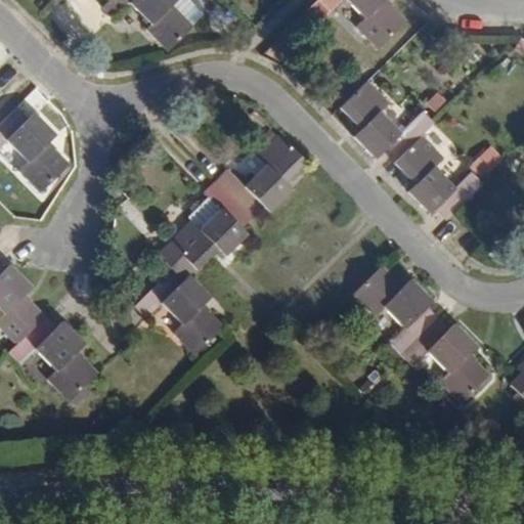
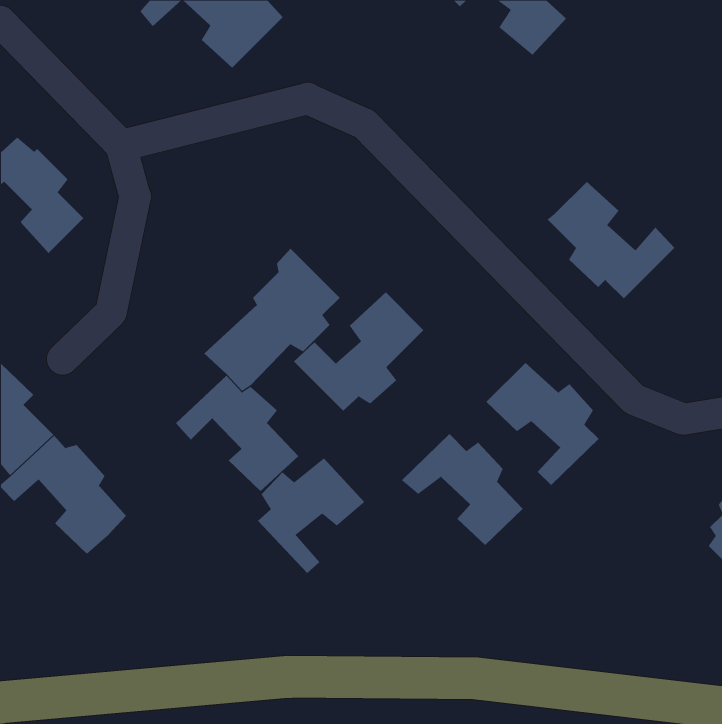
building: [341,80,440,158] -> none
building: [213,131,307,217] -> [293,292,424,411]
building: [400,318,488,399] -> [401,433,524,546]
building: none -> [257,457,365,574]

